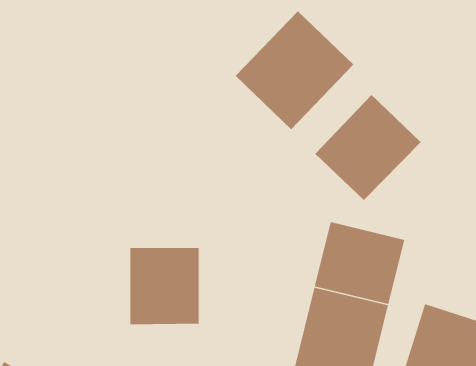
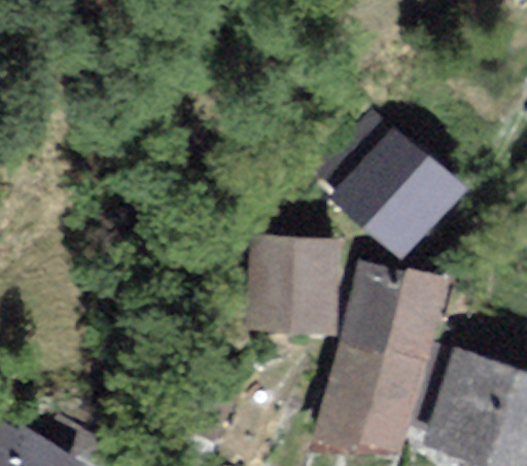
building: [235,10,354,130] -> none
building: [129,247,200,325] -> [255,245,330,328]

